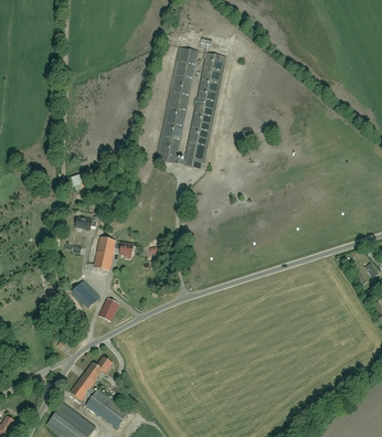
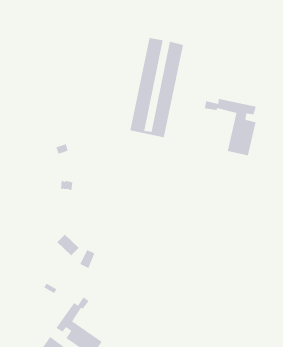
building: none -> [204,98,256,156]
building: [93,238,130,270] -> none

